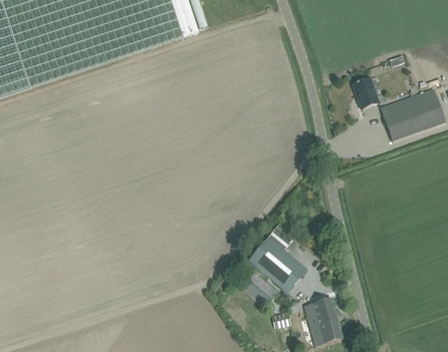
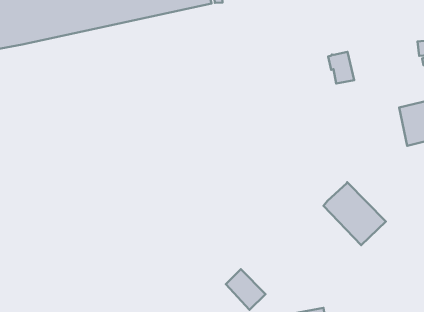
building: [353,77,379,107] -> [328,52,354,84]
building: [248,237,306,293] -> [324,182,386,245]

